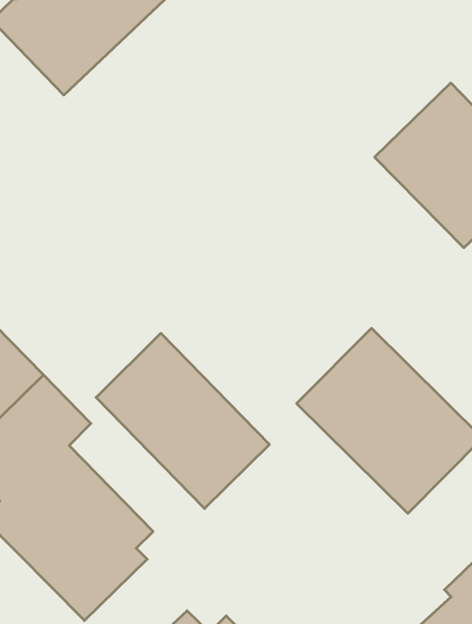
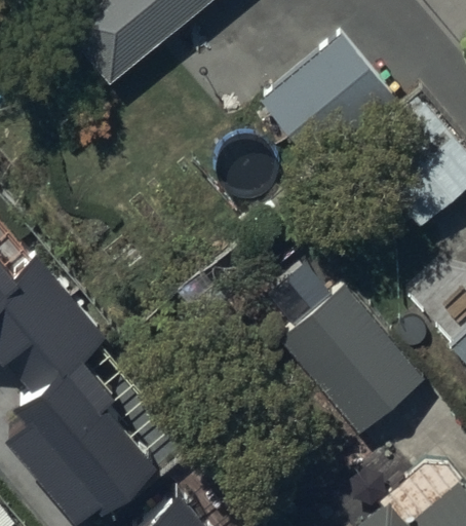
building: none -> [260,33,396,166]
building: [96,333,269,509] -> none

